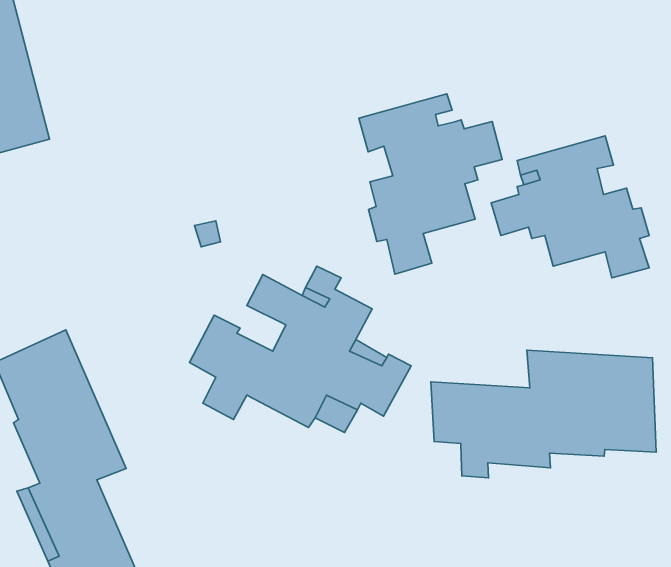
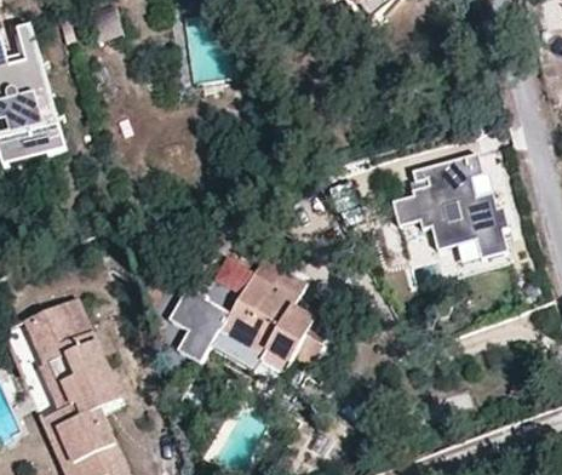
building: [359,94,502,274] -> none
building: [431,350,656,478] -> none

